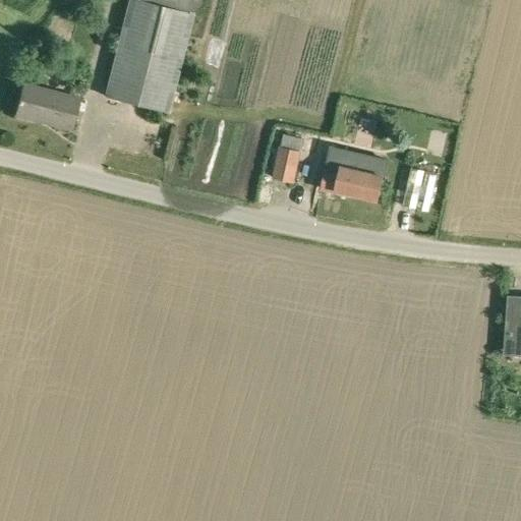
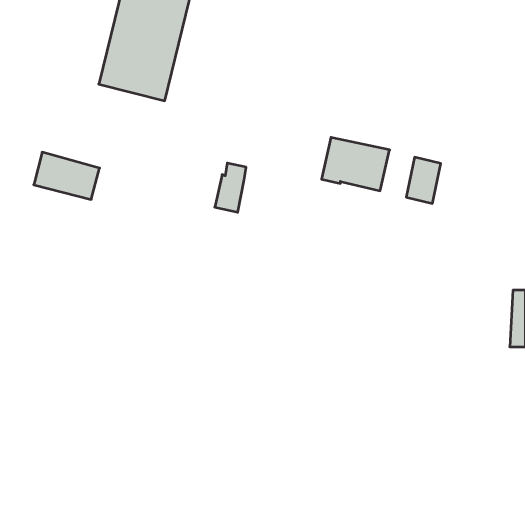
building: [15,84,79,130] -> [34,152,100,199]
building: [273,135,303,183] -> [215,163,246,212]

